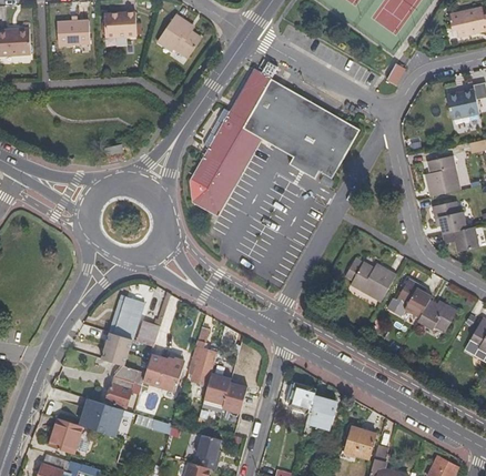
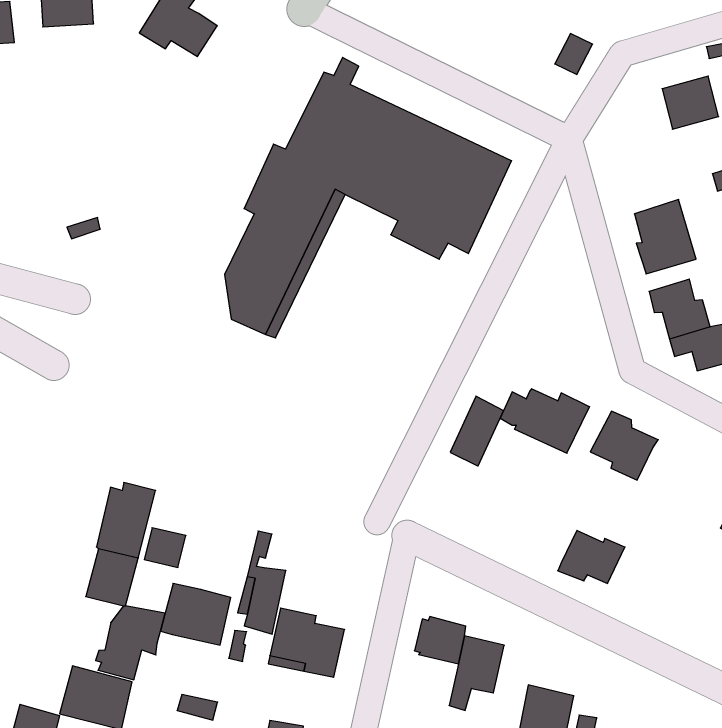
building: none -> [450,396,504,466]
building: [417,295,456,326] -> [558,530,625,583]

